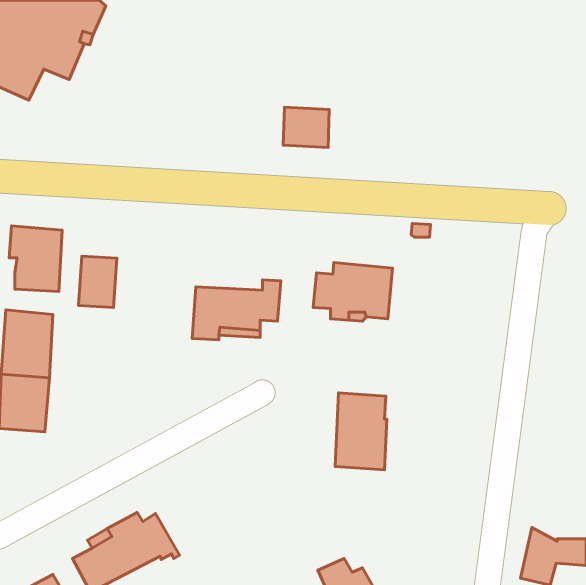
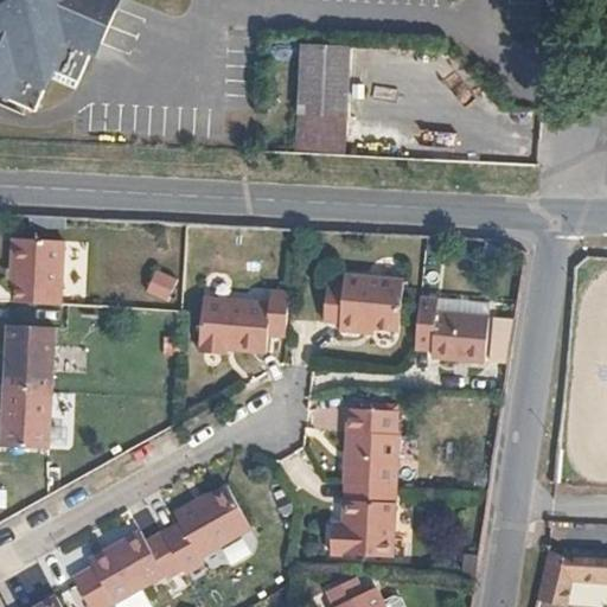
building: none -> [293,44,343,116]
building: [78,256,117,307] -> none
building: none -> [415,298,490,362]
building: none -> [331,484,396,557]
building: none -> [160,485,250,575]

